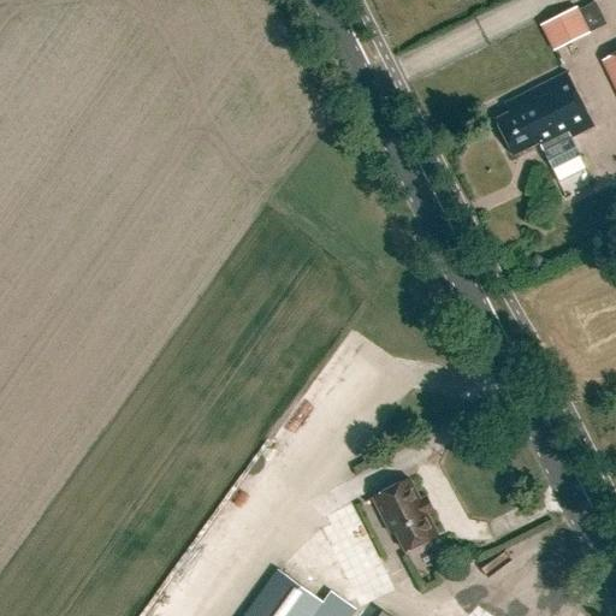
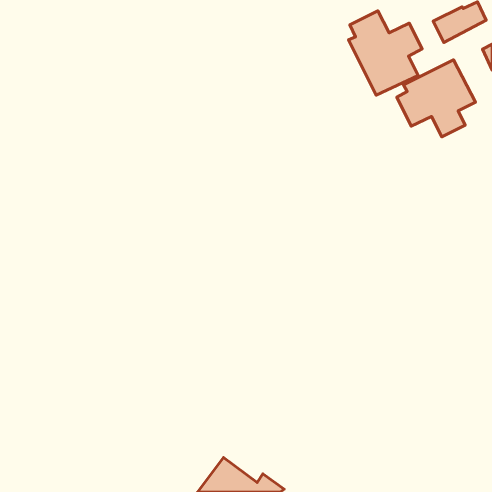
building: none -> [348,11,422,95]
building: [373,480,439,553] -> none

